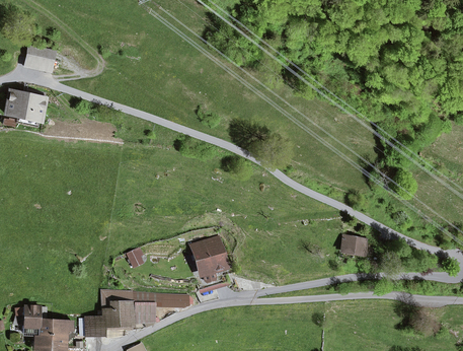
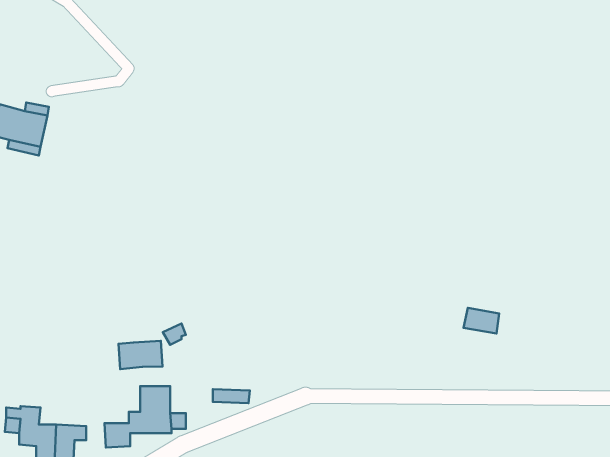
building: [24,51,54,71] -> none
building: [194,239,228,287] -> none
building: none -> [119,341,162,369]

